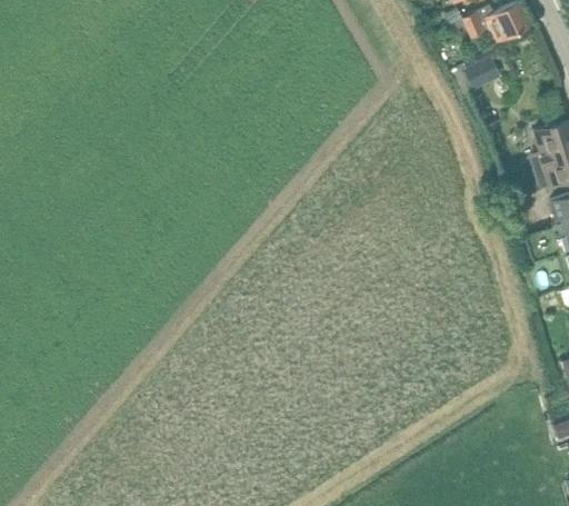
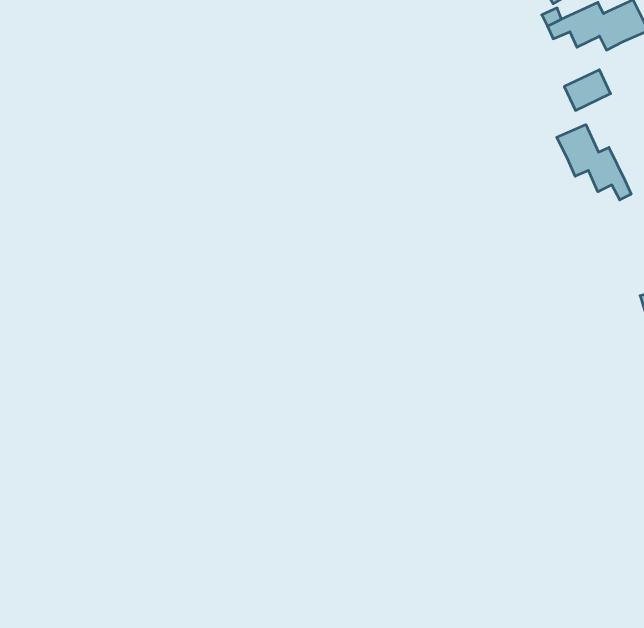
building: none -> [557,125,631,200]

